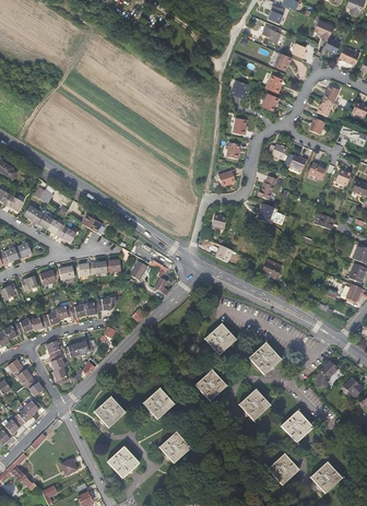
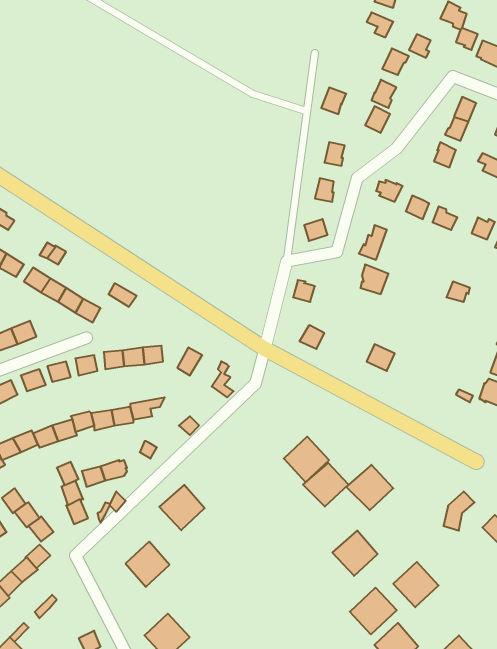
building: [194,369,226,400] -> [303,463,348,507]
building: [142,387,174,419] -> [159,485,205,530]
building: none -> [350,588,397,634]
building: [158,431,190,462] -> none

